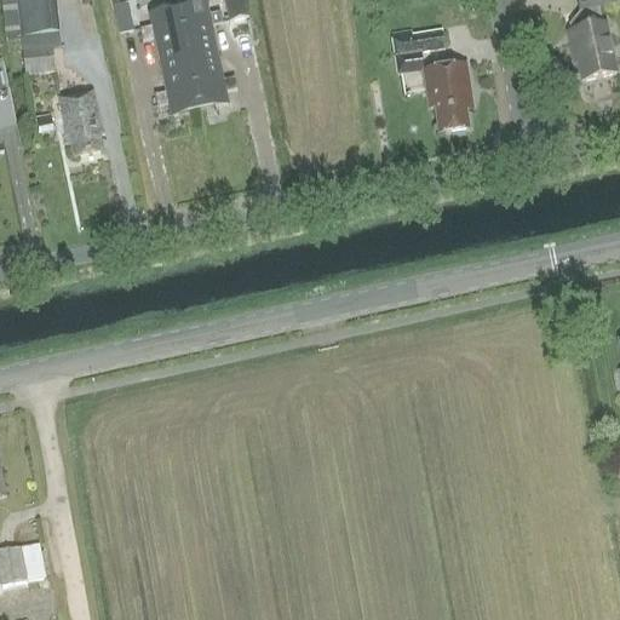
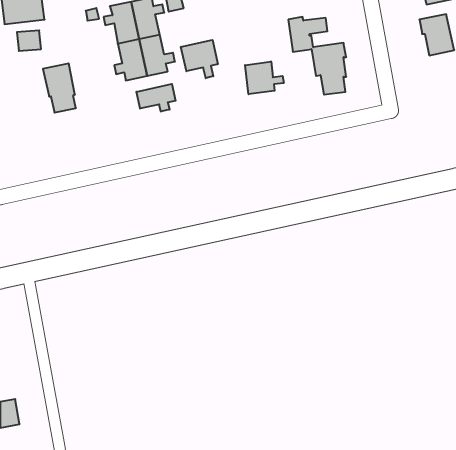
building: none -> [181,40,218,78]
building: none -> [245,61,284,94]
building: none -> [136,84,176,112]

